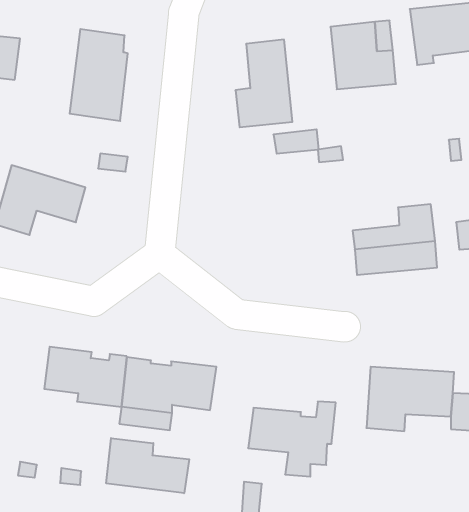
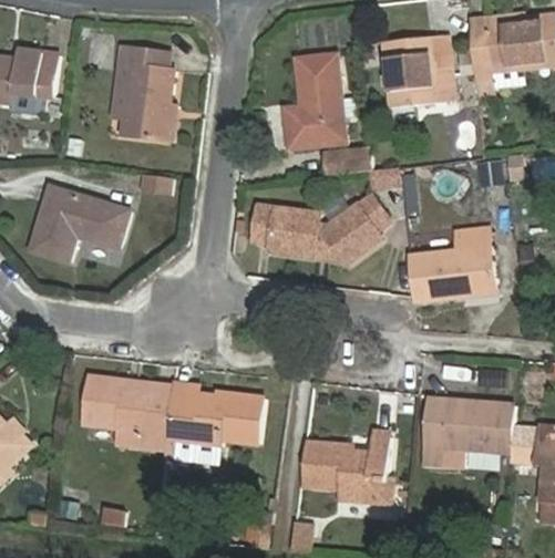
building: none -> [251,204,381,262]
building: [106,438,189,493] -> none

